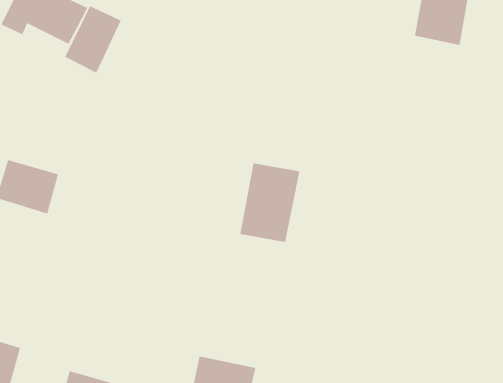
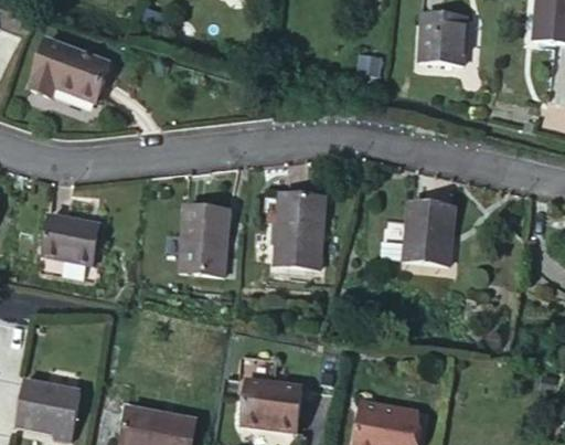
building: [64,5,122,73] -> none
building: none -> [179,205,231,273]
building: none -> [401,202,452,262]

